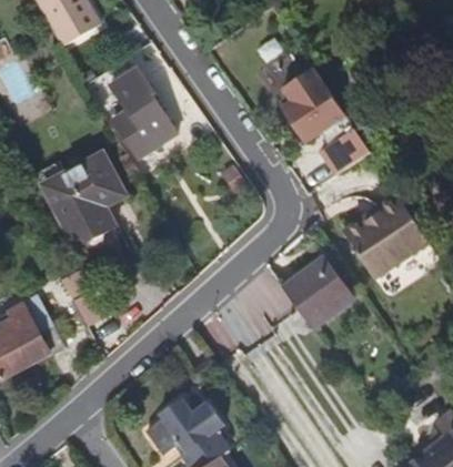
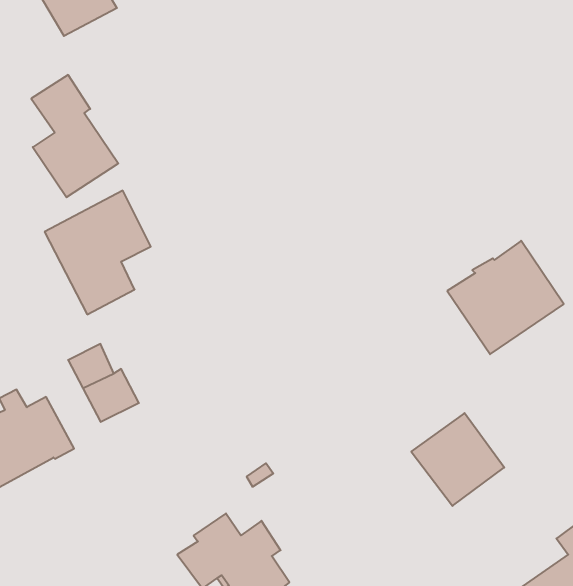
building: [111,65,177,158] -> [31,75,118,197]
building: [285,67,374,174] -> none
building: [282,260,352,329] -> [411,413,504,506]

